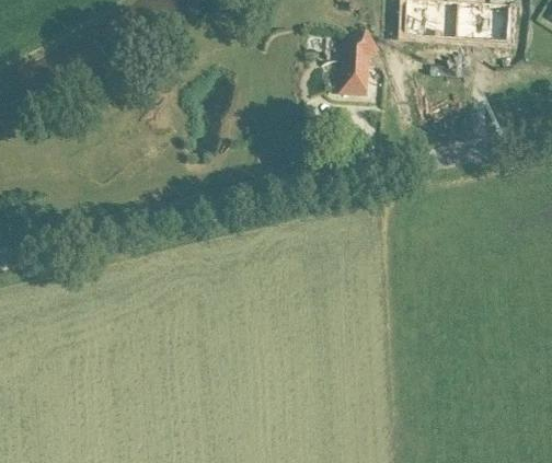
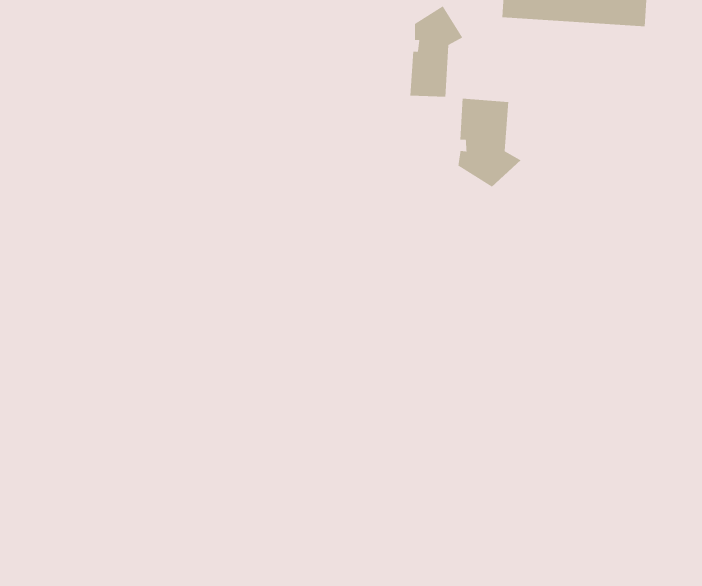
building: none -> [458,98,522,188]

